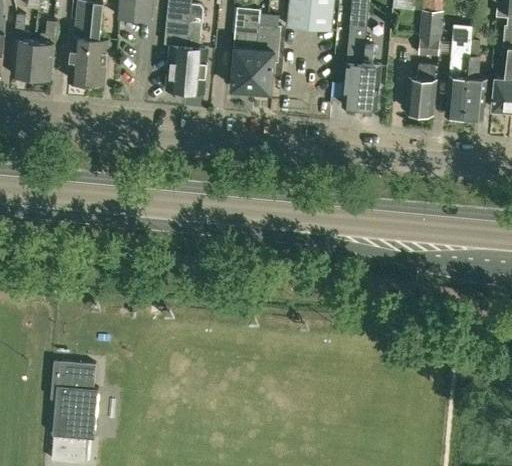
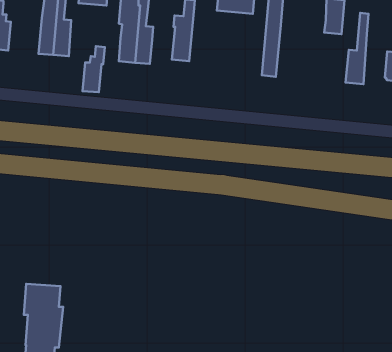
building: [31,22,58,78] -> [83,46,105,92]
building: [252,25,281,92] -> none
building: [358,46,380,111] -> none
building: [465,57,486,120] -> none
building: [404,65,435,115] -> none

